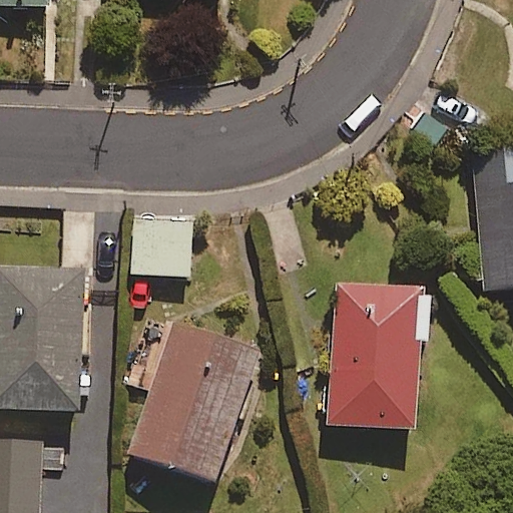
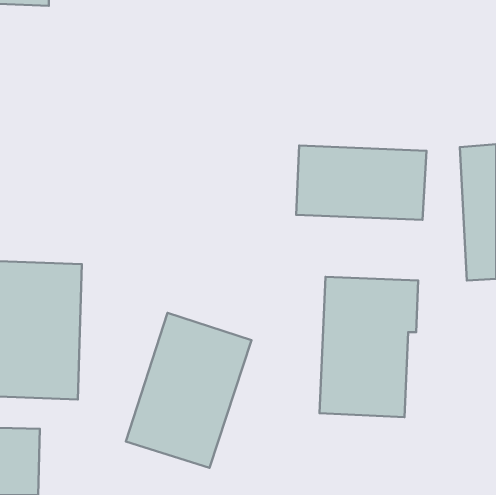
building: none -> [296,145,426,220]
building: [130,214,192,277] -> none

